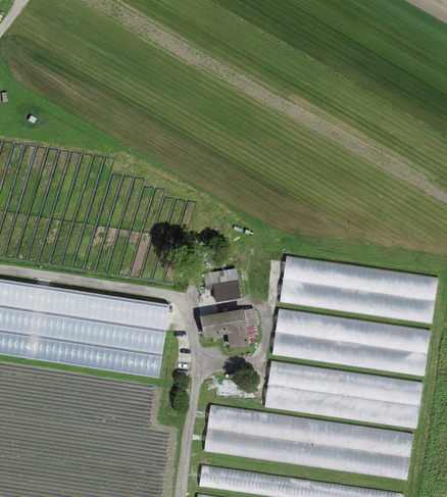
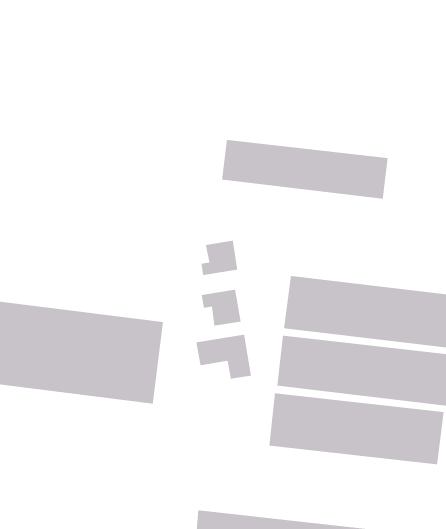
building: none -> [221,139,388,199]
building: none -> [201,240,238,276]
building: [203,406,413,479] -> none

